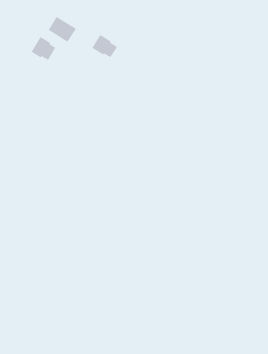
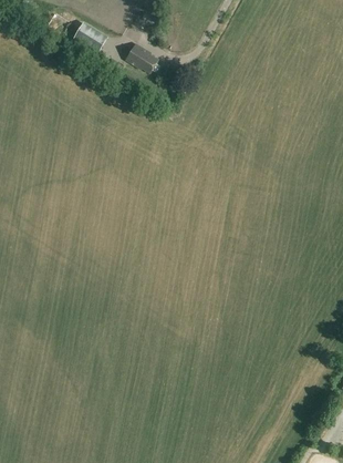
building: [31,36,56,61] -> none

